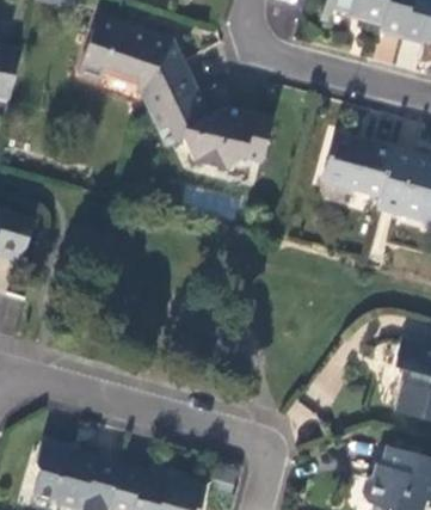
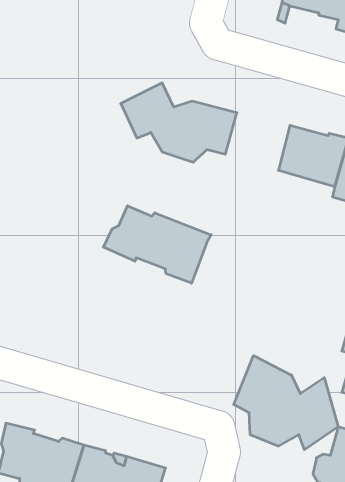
building: [87,19,202,112] -> none
building: none -> [103,206,211,283]
building: none -> [234,356,338,450]

